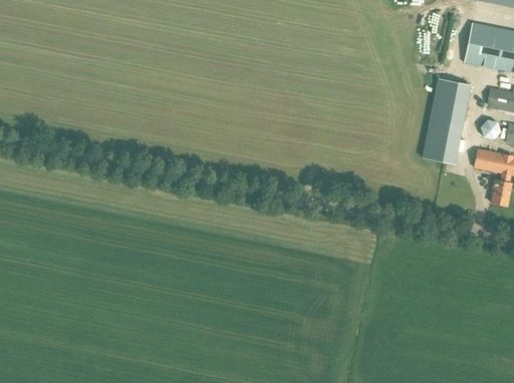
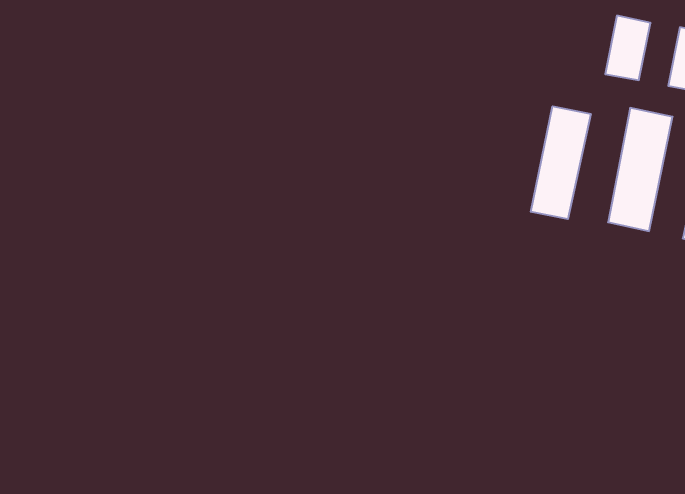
building: none -> [531,106,591,219]

